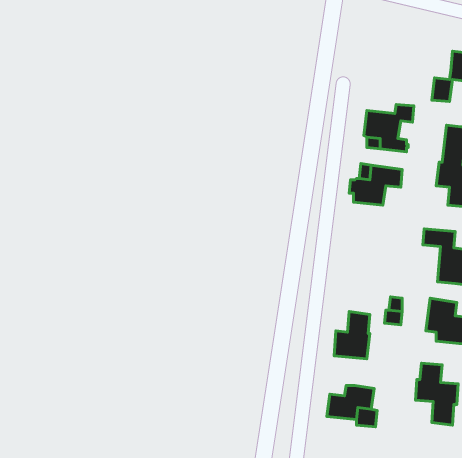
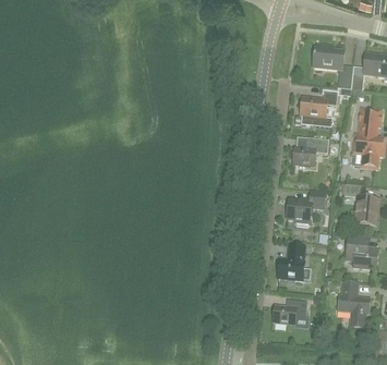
building: none -> [312,45,352,88]
building: none -> [287,190,325,226]

